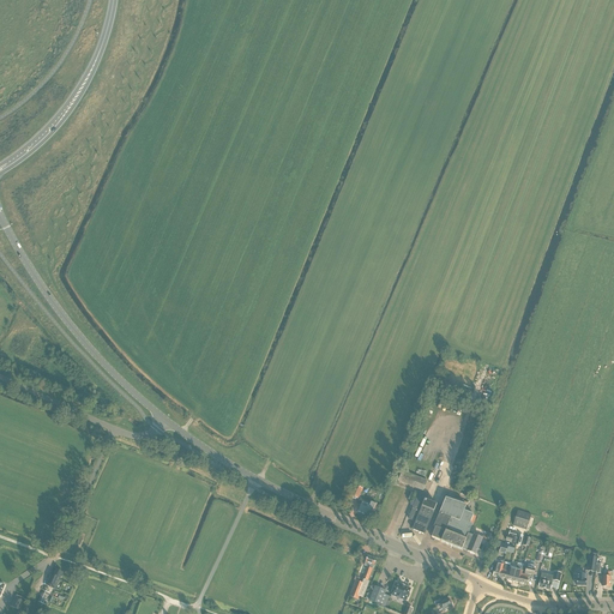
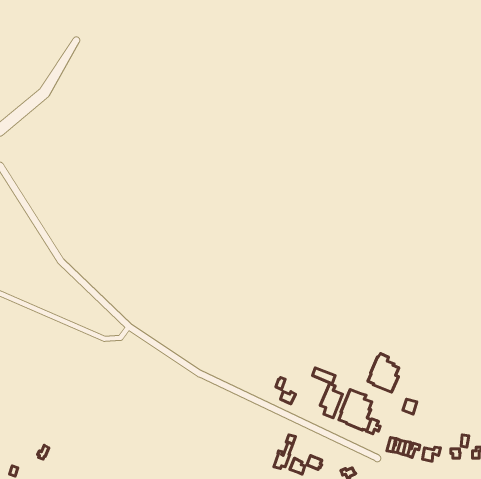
building: none -> [368,353,399,392]

